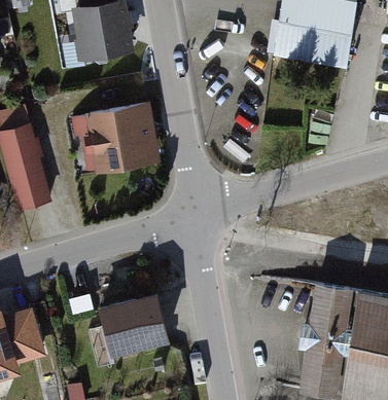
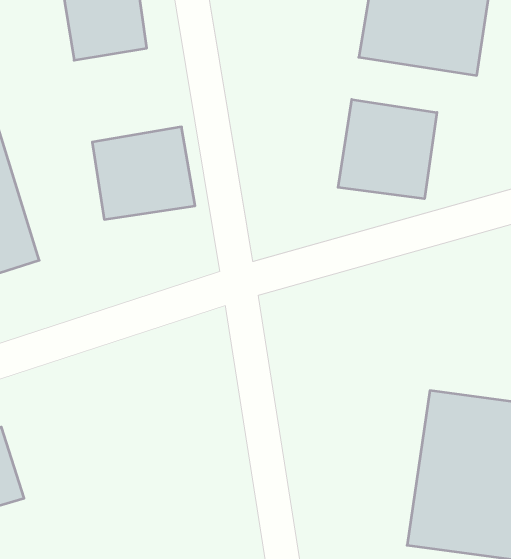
building: none -> [338,99,437,199]
building: [96,301,162,358] -> none

